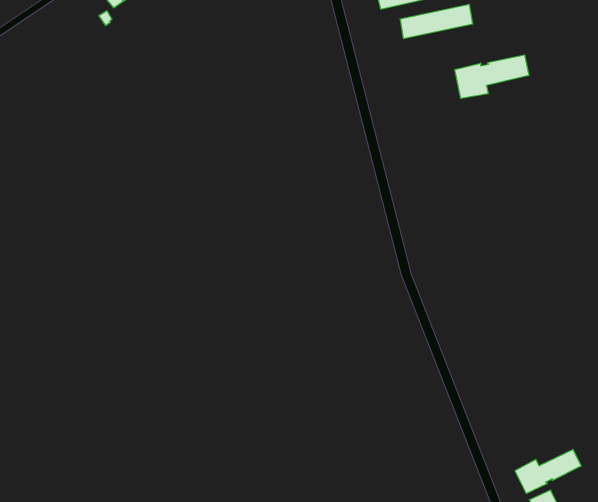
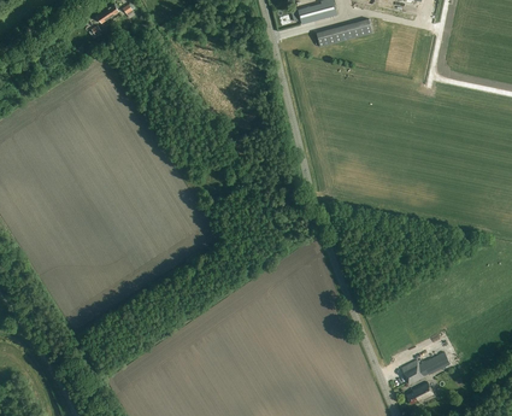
building: [455,55,529,99] -> none

